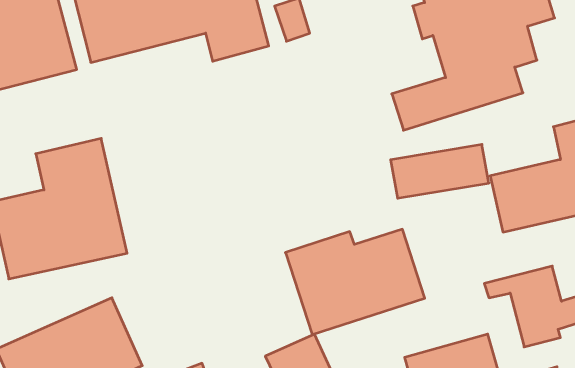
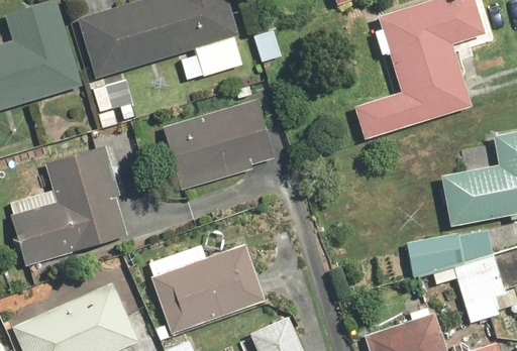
building: none -> [163,101,269,193]
building: [391,144,489,198] -> [404,222,489,268]
building: [285,229,425,335] -> [146,244,267,335]

